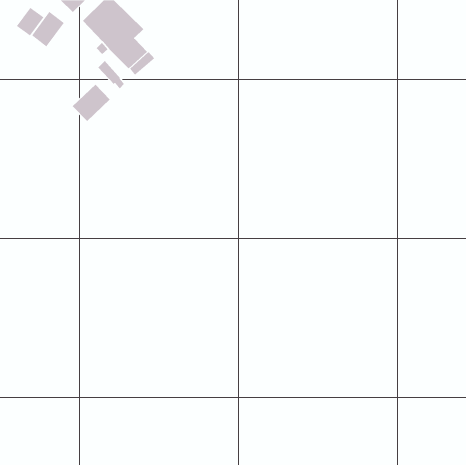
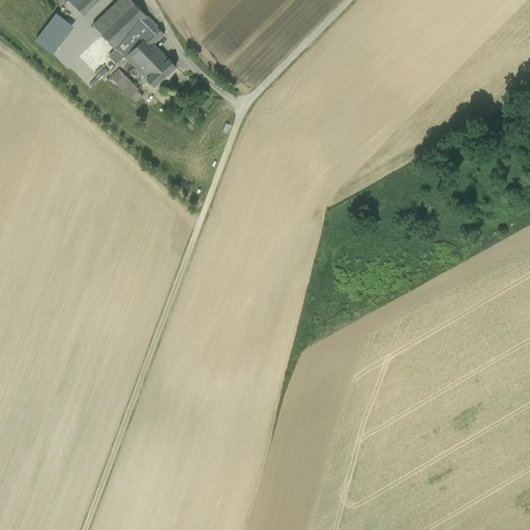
building: [16,7,45,37] -> none
building: [72,84,111,122] -> none

